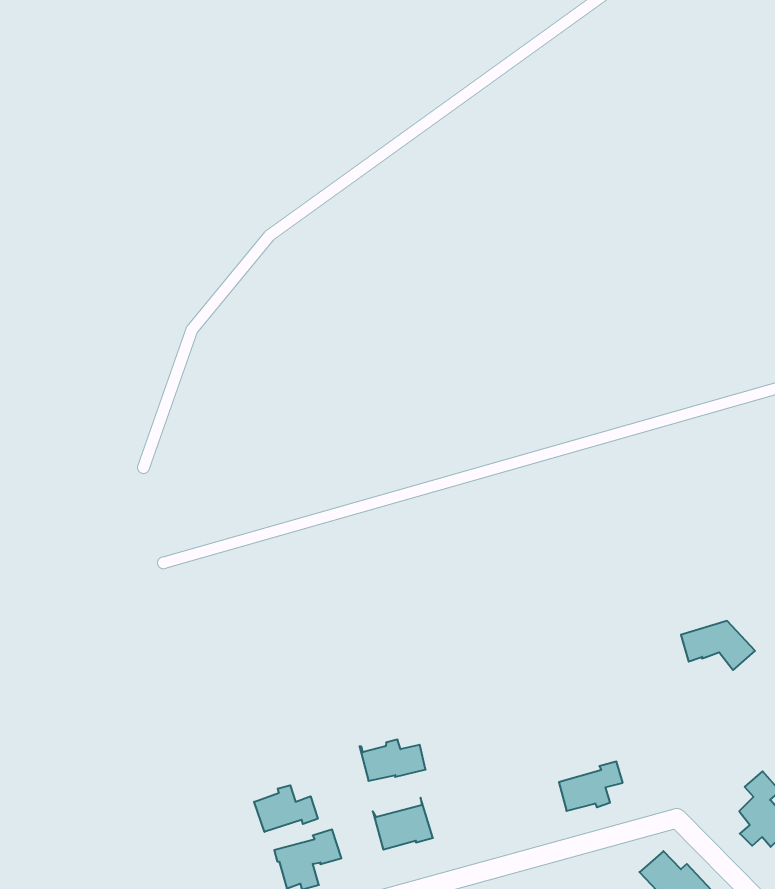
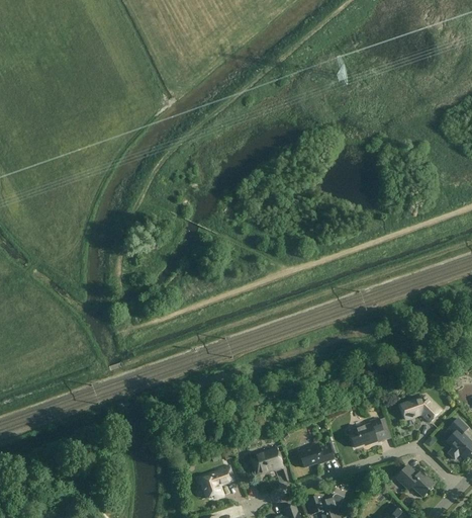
building: [681,621,755,670] -> [399,396,440,422]
building: [359,740,426,781] -> [296,443,333,466]
building: [254,785,318,832] -> none

